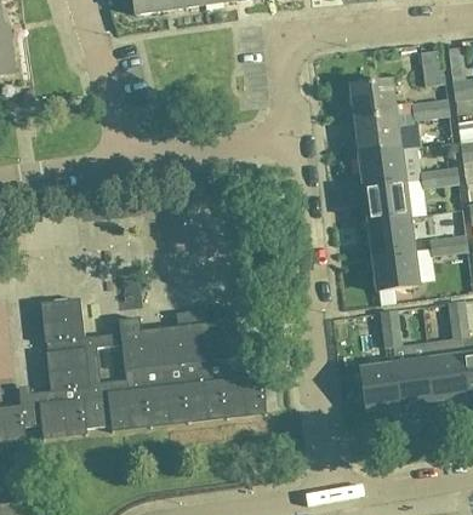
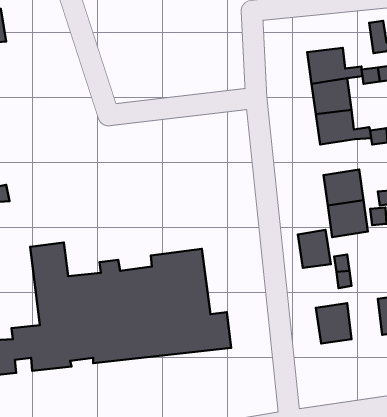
building: [365,181,409,221] -> none
building: none -> [298,230,331,268]
building: [395,359,434,404] -> none

